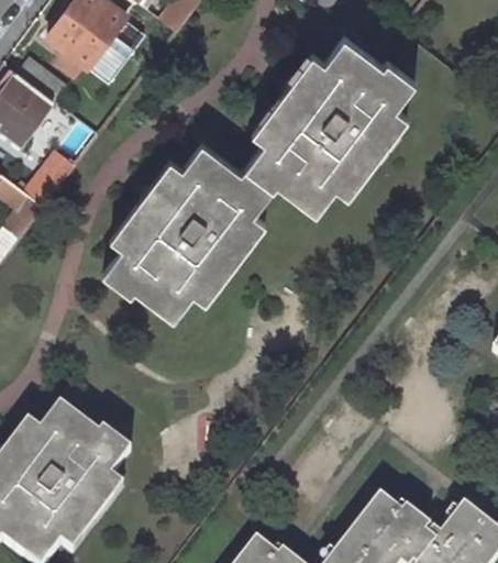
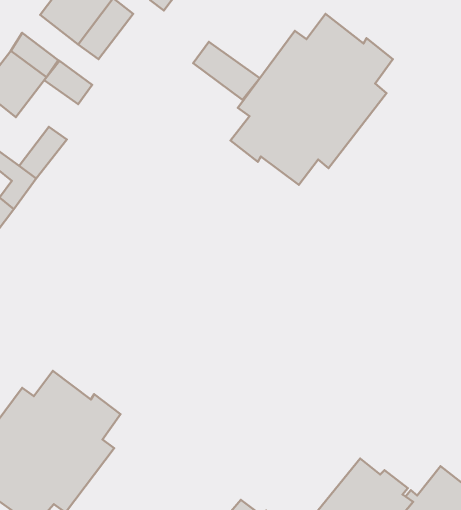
building: none -> [193,42,260,100]
building: none -> [44,61,92,104]
building: [102,142,273,319] -> none

